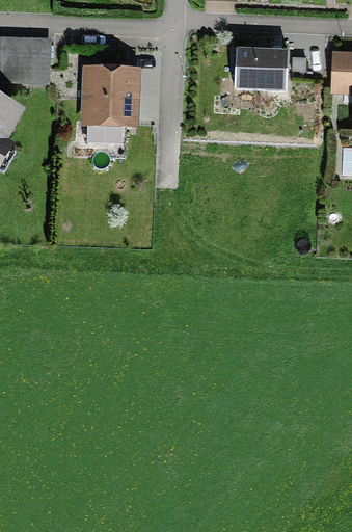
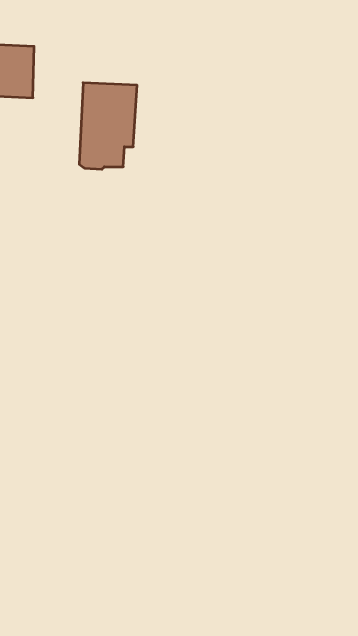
building: [234,47,288,89] -> none

